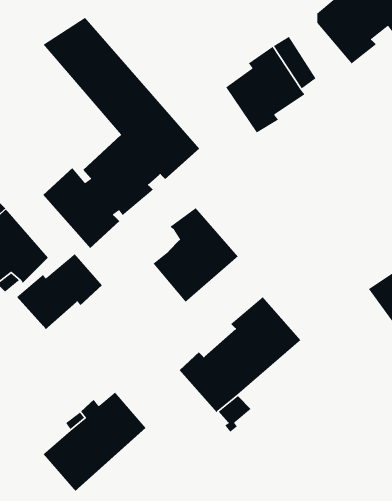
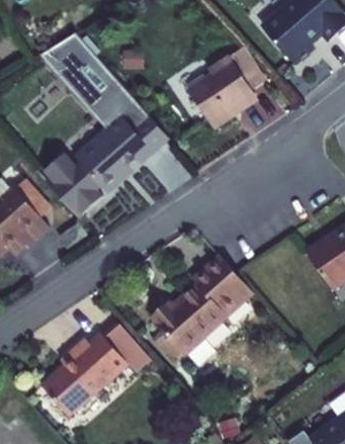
building: [153,207,239,303] -> none
building: [16,253,103,330] -> none
building: none -> [100,321,150,372]

